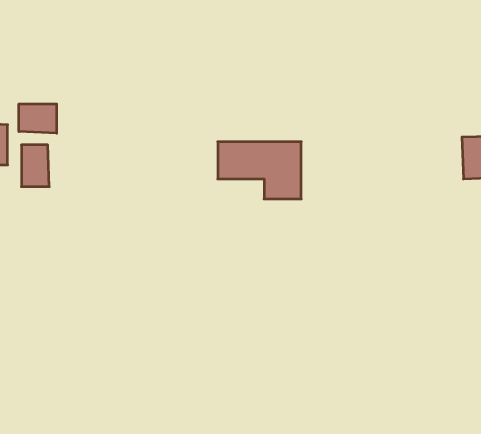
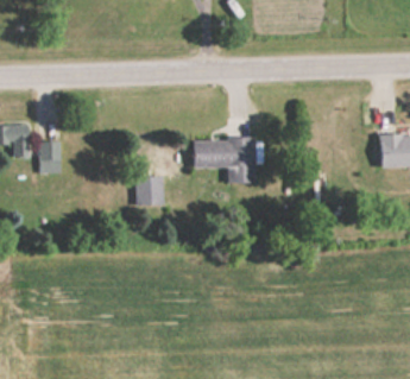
building: [19,104,57,133] -> none
building: none -> [137,177,163,204]

